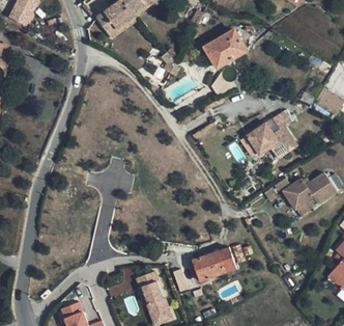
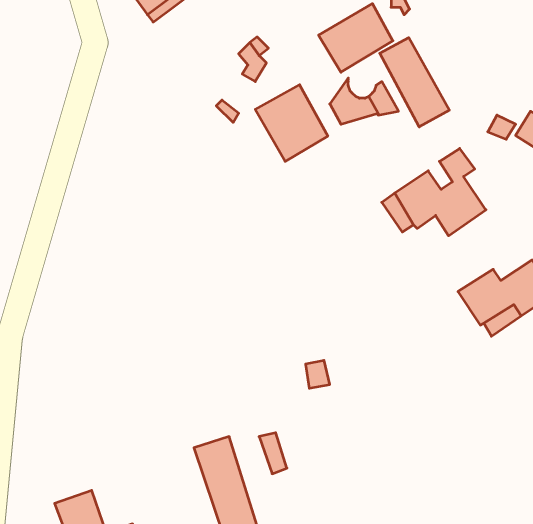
building: none -> [380,38,449,127]
building: none -> [255,85,328,161]
building: [193,246,236,281] -> none

